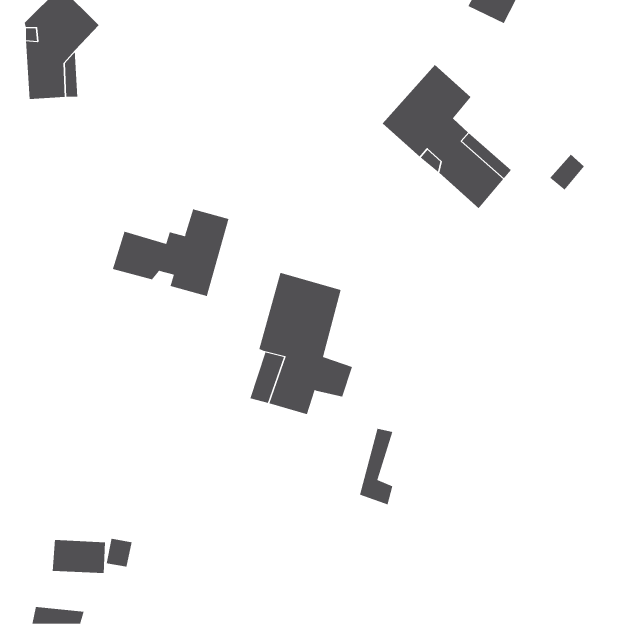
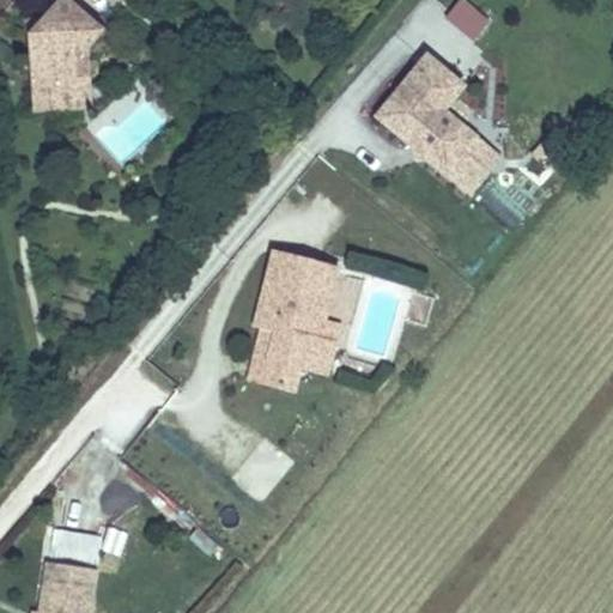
building: [112,208,229,297] -> none
building: [359,428,393,505] -> [317,275,350,348]

